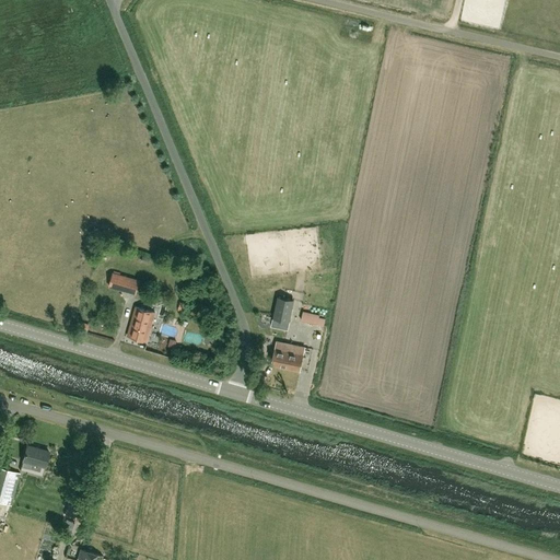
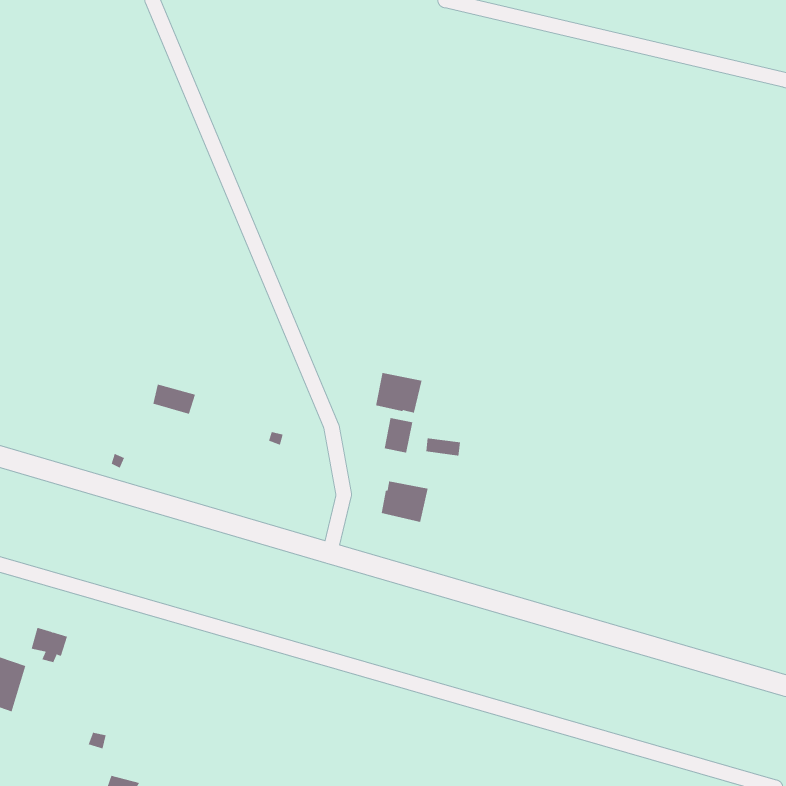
building: none -> [375,372,422,413]
building: [126,307,153,342] -> none

